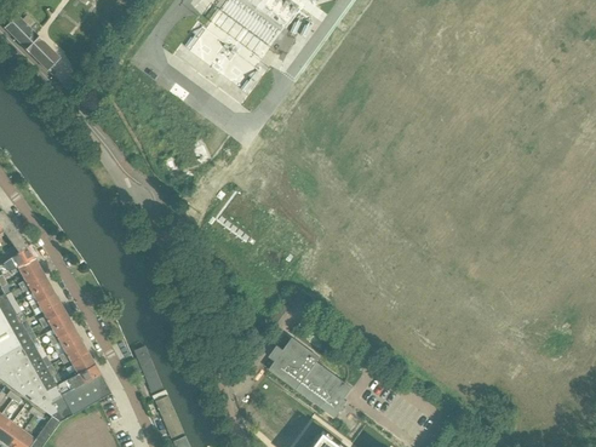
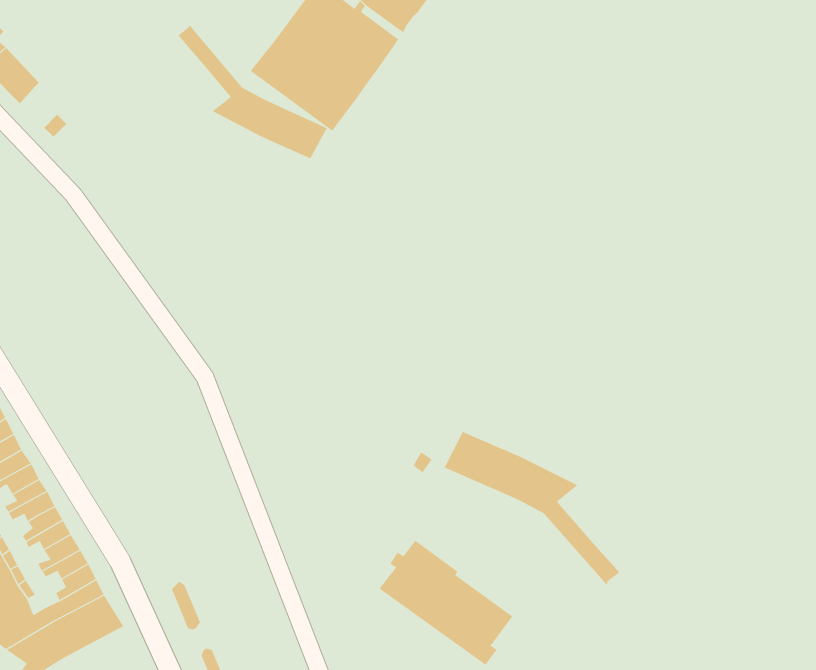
building: none -> [177,25,327,159]
building: none -> [444,431,620,585]

